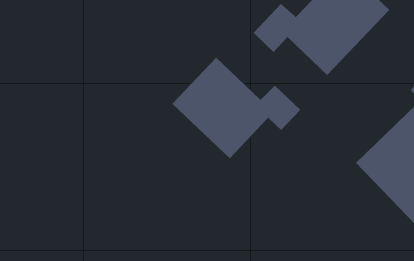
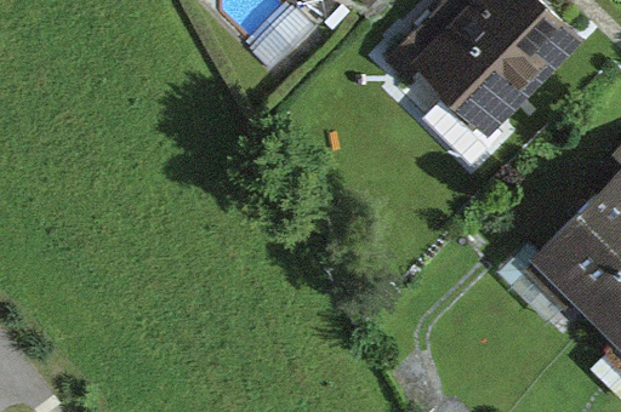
building: [171,57,301,159] -> none

